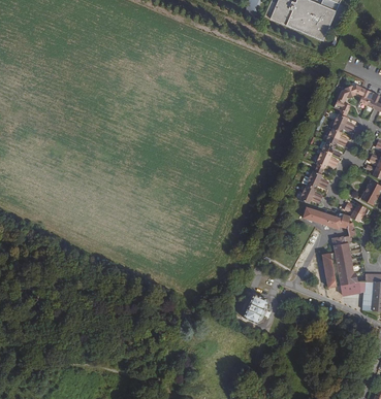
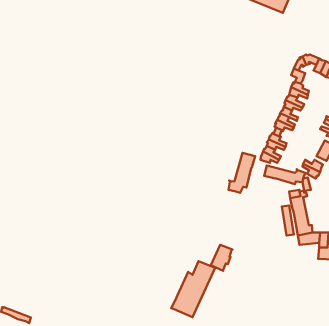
building: none -> [229,153,255,193]
building: none -> [171,261,215,317]

